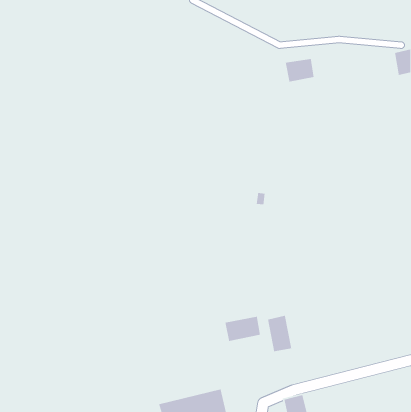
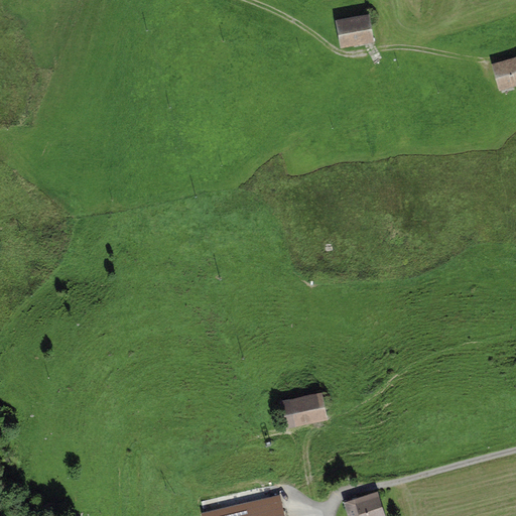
building: [285,58,315,82] -> [336,16,373,46]
building: [267,315,292,352] -> none

